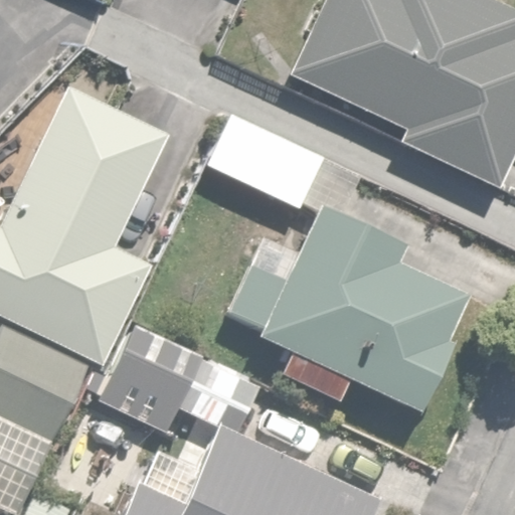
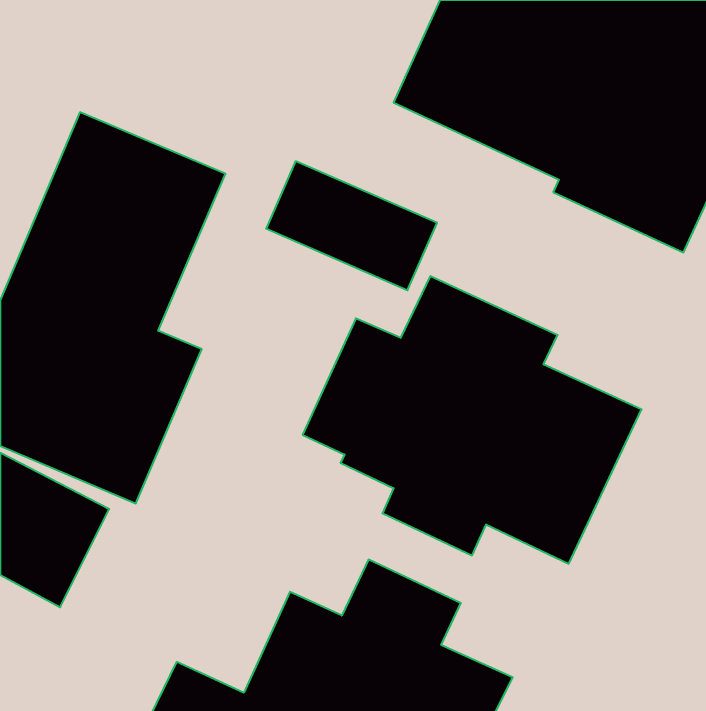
building: [98,322,267,436] -> none

